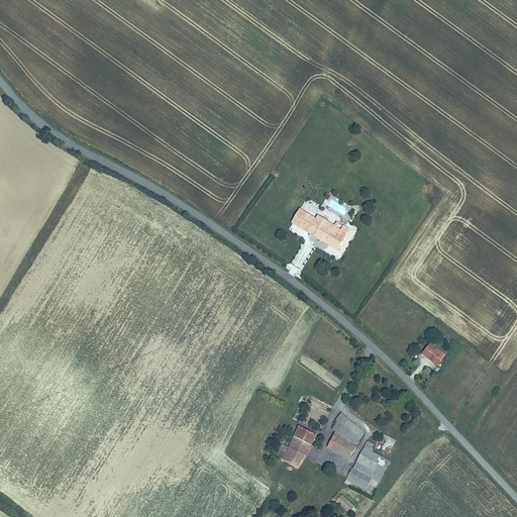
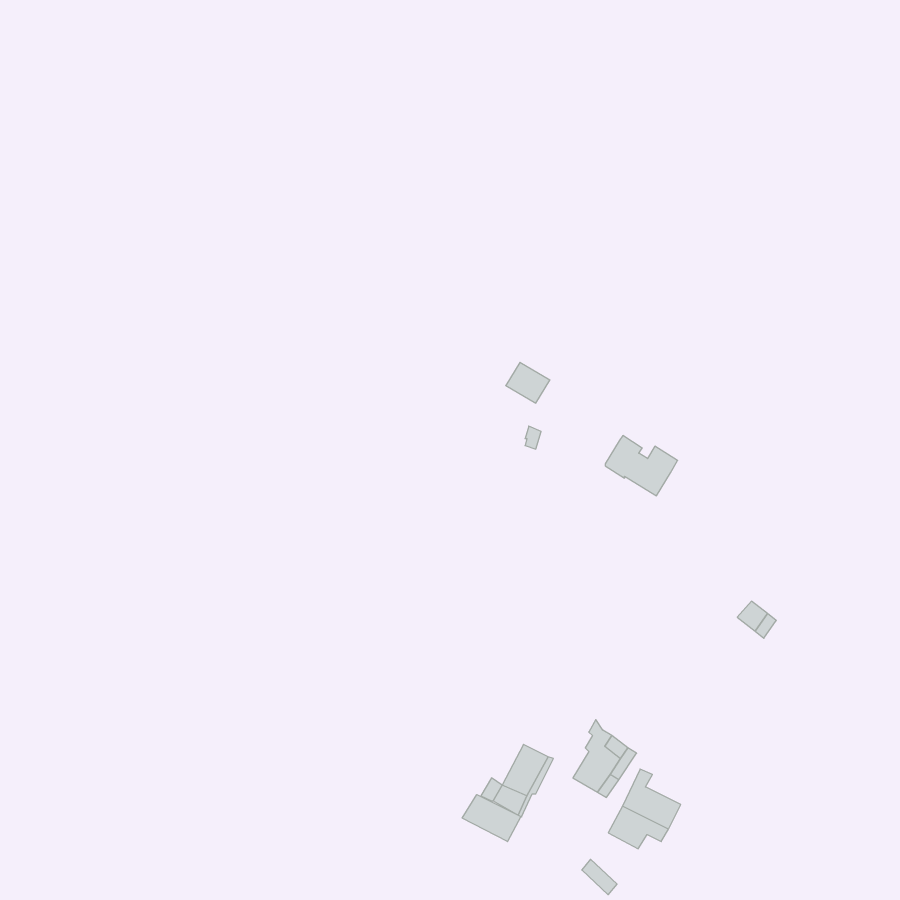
building: [306,214,347,248] -> [605,436,678,496]
building: none -> [462,795,521,842]

